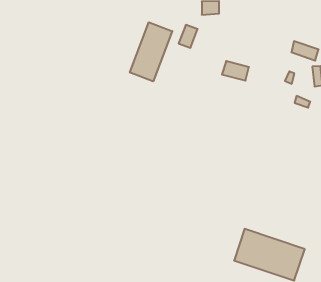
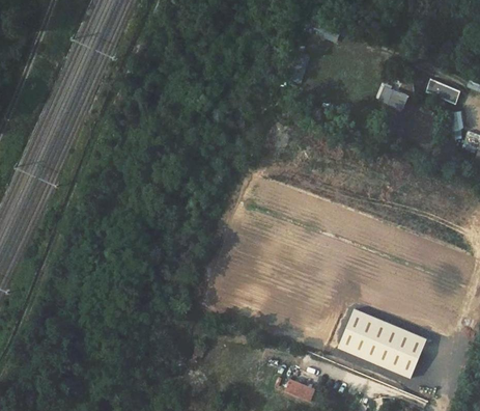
building: [130,22,172,81] -> none
building: [222,61,249,81] -> [375,83,410,109]

